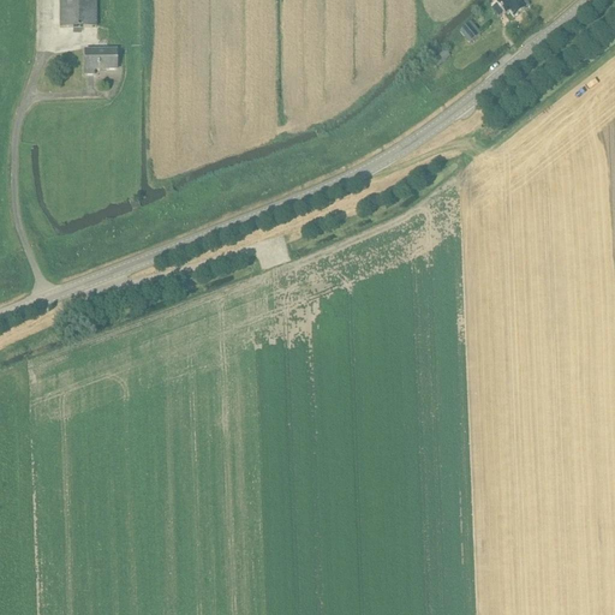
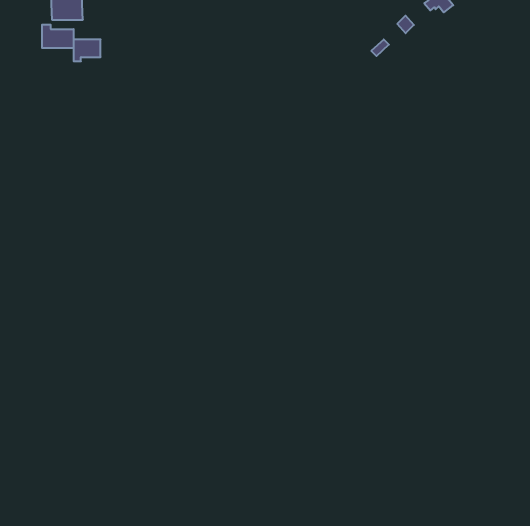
building: none -> [42,25,74,48]

